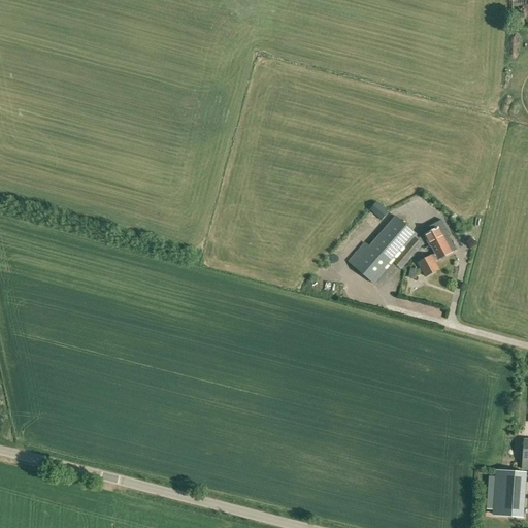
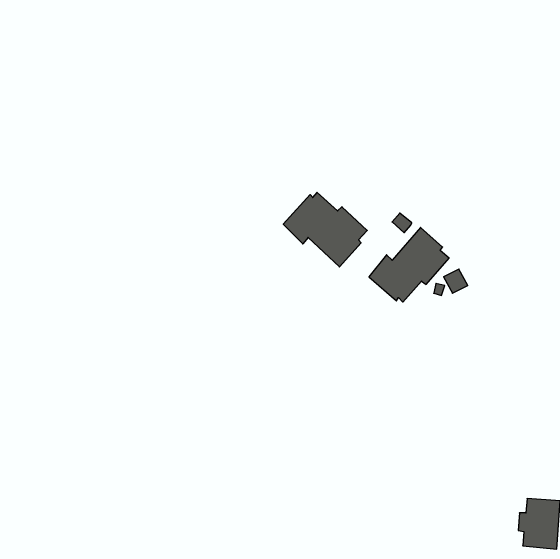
building: none -> [283,192,367,267]
building: [420,218,455,258] -> none

